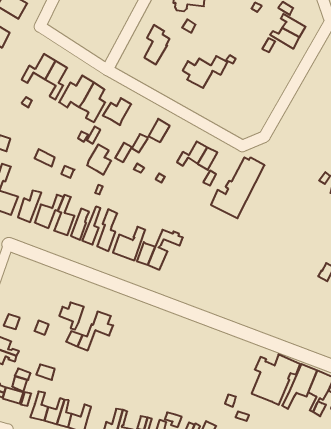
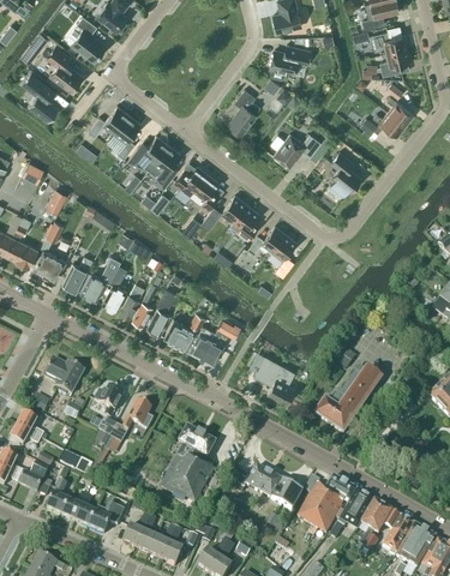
building: none -> [329,151,361,197]
building: none -> [229,204,258,239]
building: [87,144,111,175] -> [191,174,218,209]
building: [211,157,265,218] -> [314,367,380,434]
building: none -> [254,356,294,403]
building: none -> [43,358,84,395]
building: none -> [166,427,215,502]
building: none -> [235,467,301,510]

